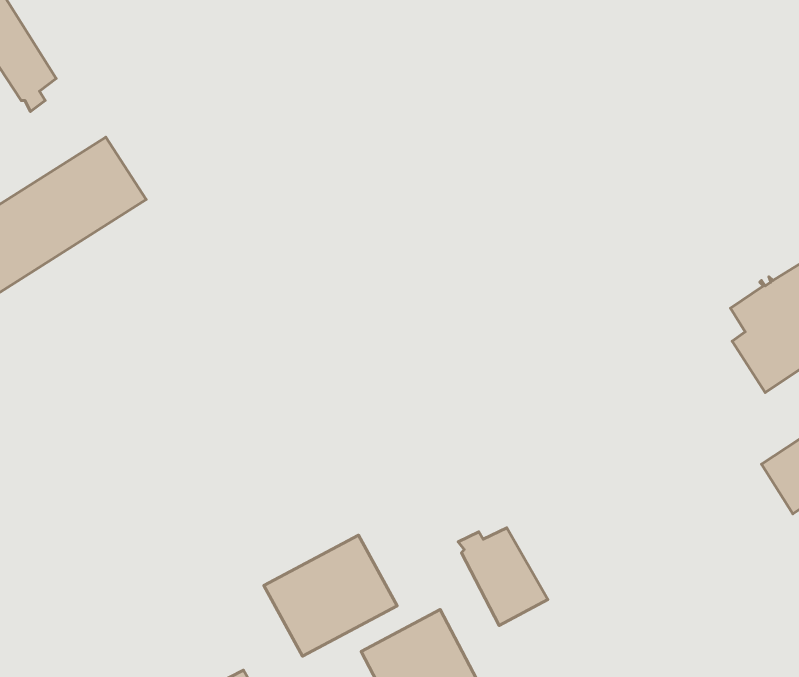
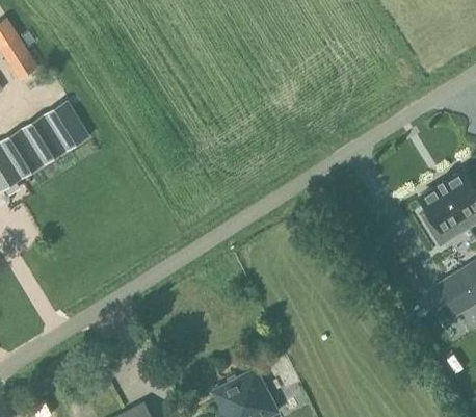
building: [458,528,548,625] -> none
building: [264,535,397,656] -> none

